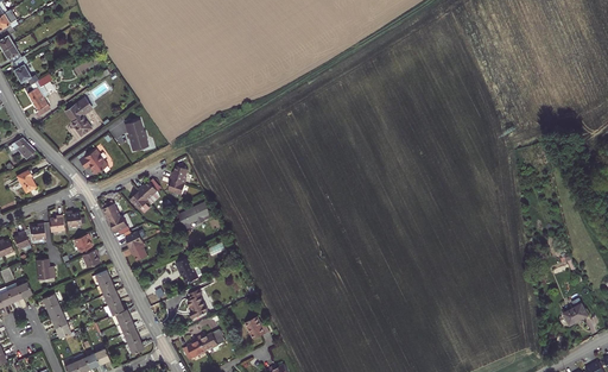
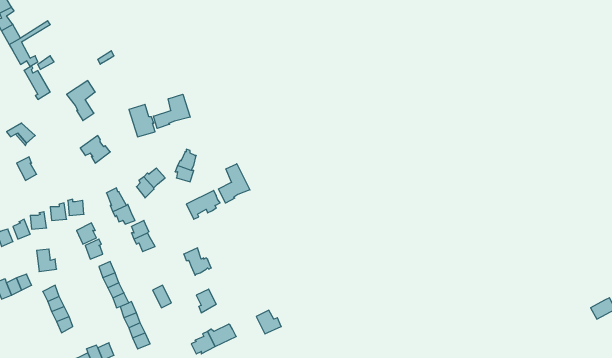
building: none -> [153,94,190,128]
building: none -> [219,164,250,203]

